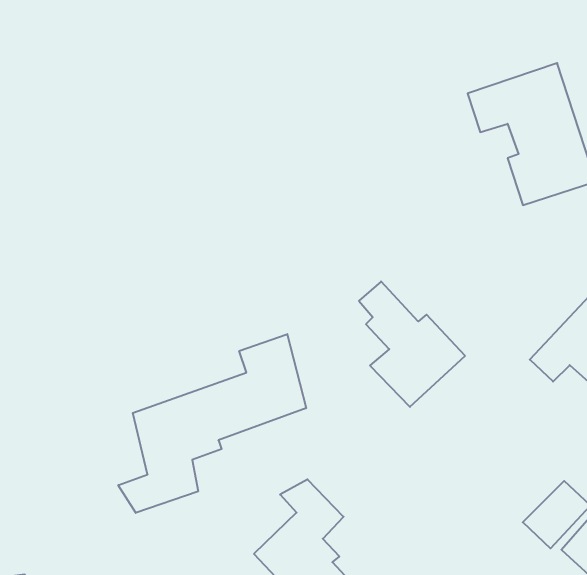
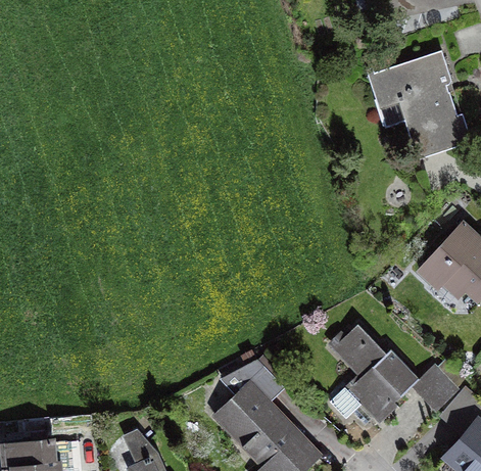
building: [359,281,465,407] -> [340,326,419,419]
building: [118,334,306,513] -> none

